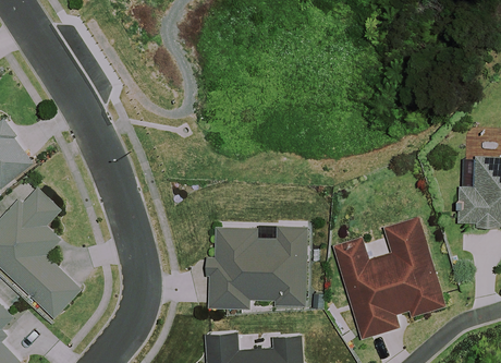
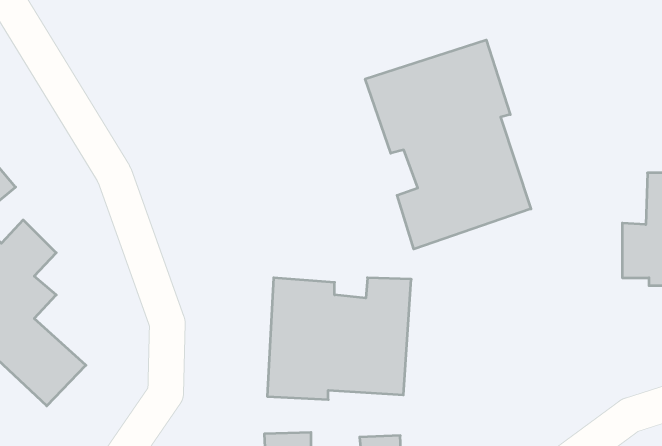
building: none -> [365,40,531,249]
building: [333,215,445,336] -> none

